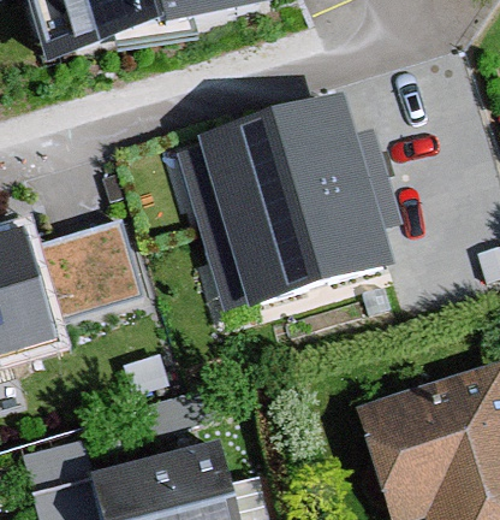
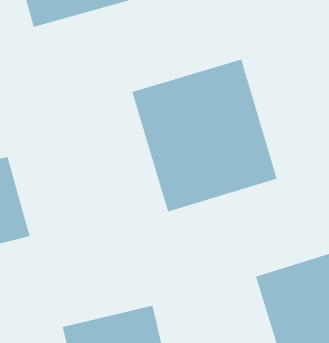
building: [25,213,145,321] -> none

